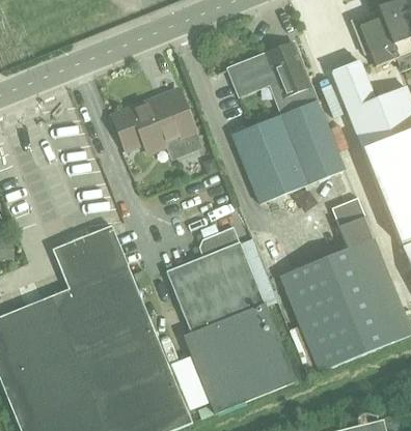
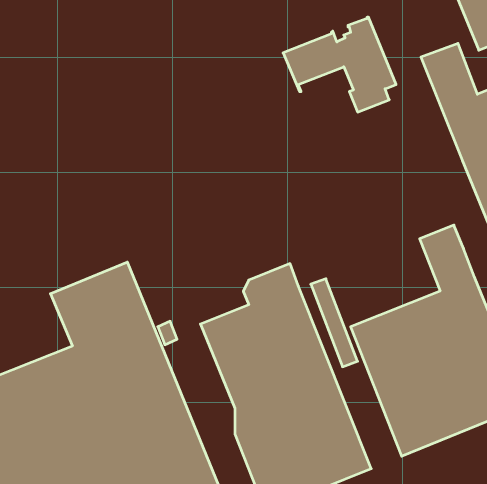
building: [113,88,201,159] -> none
building: [232,98,345,202] -> none

